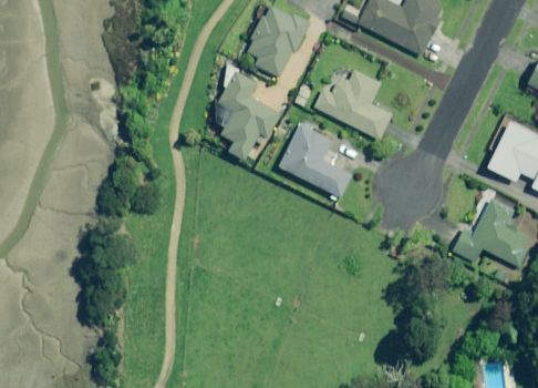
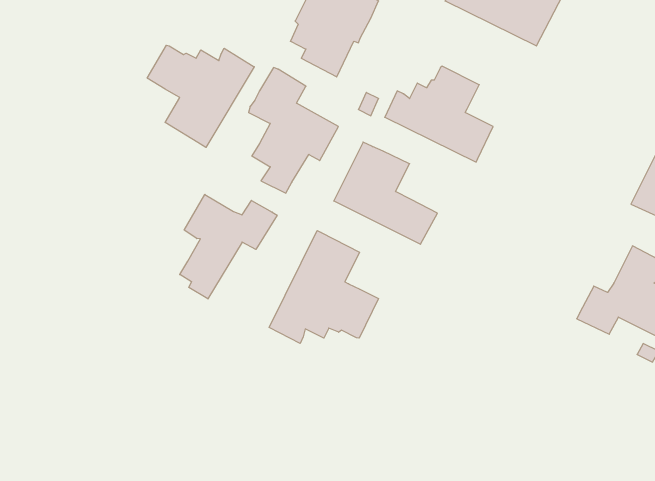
building: none -> [147,45,254,147]
building: none -> [180,194,277,299]
building: none -> [269,231,378,343]

